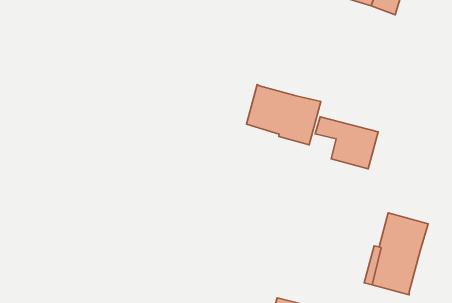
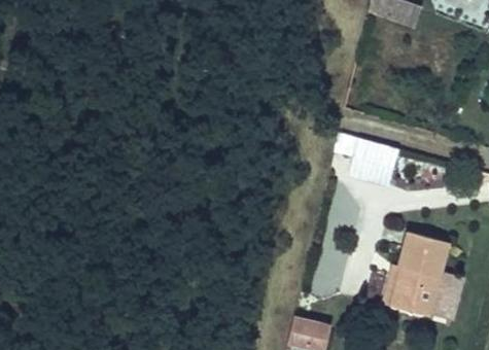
building: [247,84,321,145] -> none

